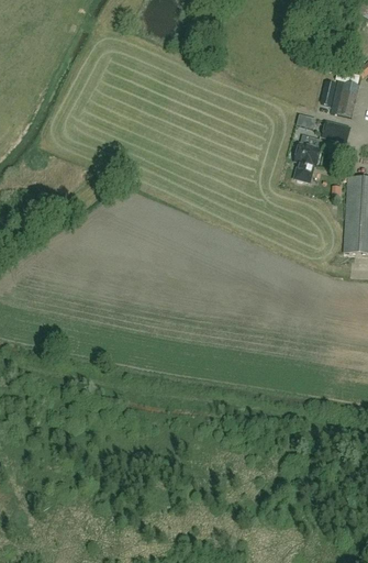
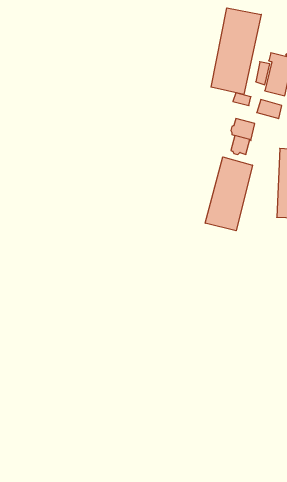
building: none -> [211,8,261,94]
building: none -> [205,157,252,231]

